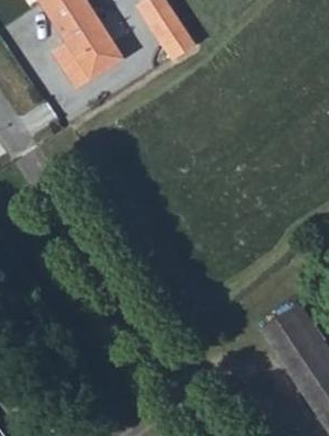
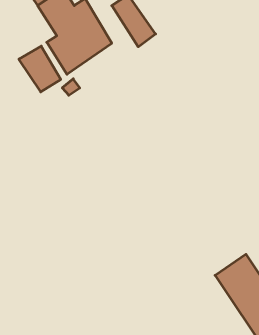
building: none -> [19,46,61,92]

